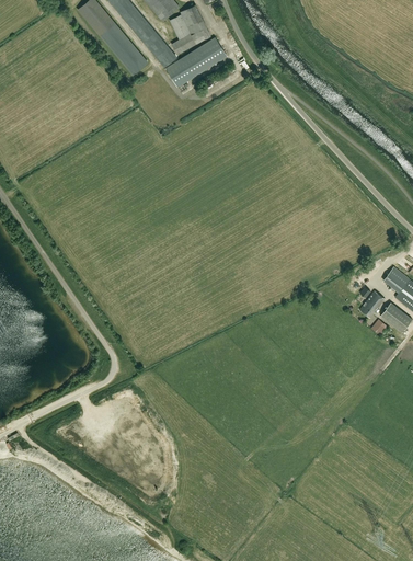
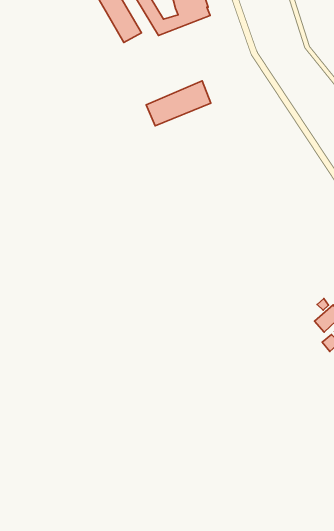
building: [165,36,227,87] -> [146,81,211,126]

